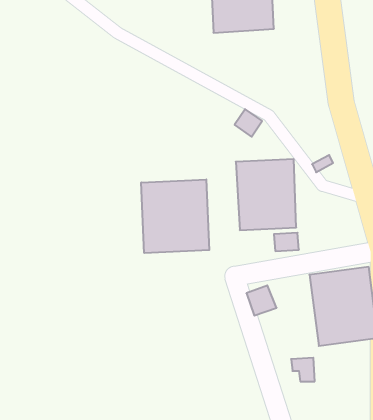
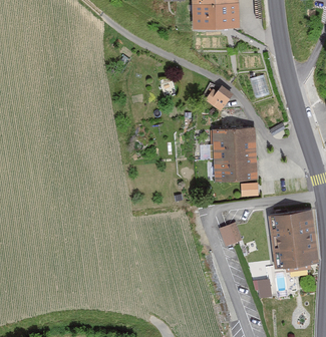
building: [141,179,209,253] -> none

